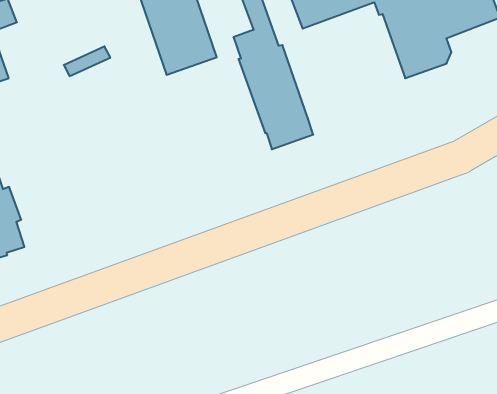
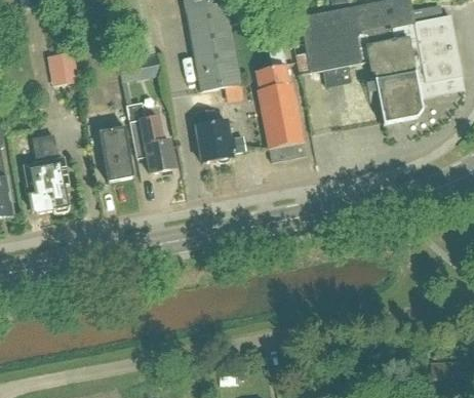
building: none -> [195,109,245,162]
building: none -> [127,103,174,172]
building: none -> [98,125,133,181]

